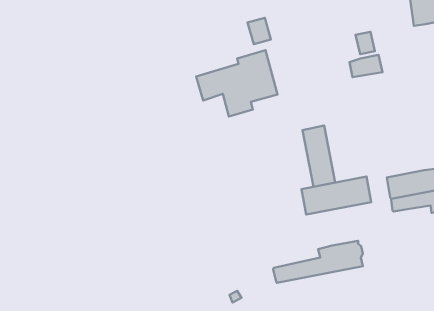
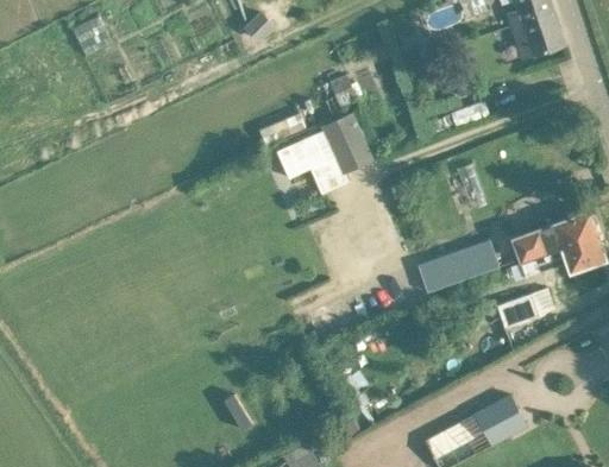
building: [303,126,335,187] -> none
building: none -> [497,295,538,327]
building: [273,241,363,283] -> none

